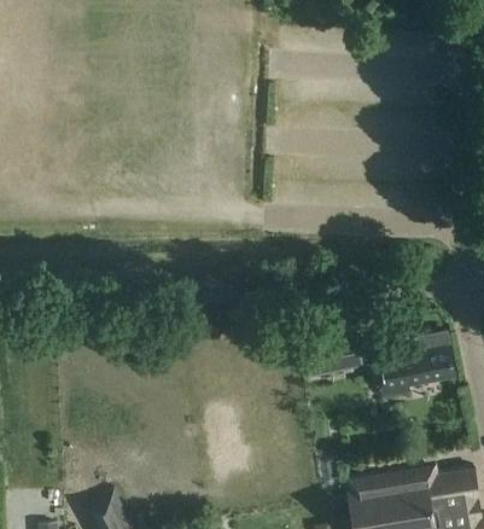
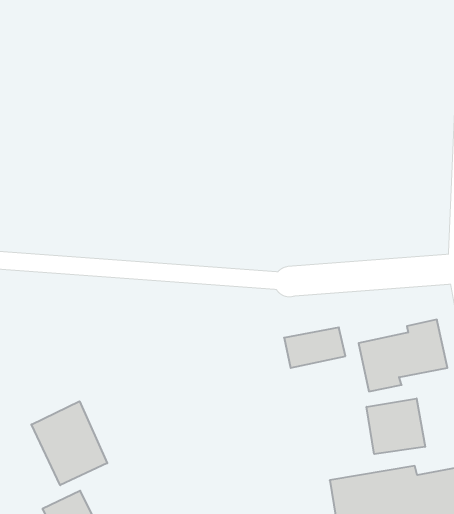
building: none -> [367,398,425,454]
building: none -> [31,401,107,485]

